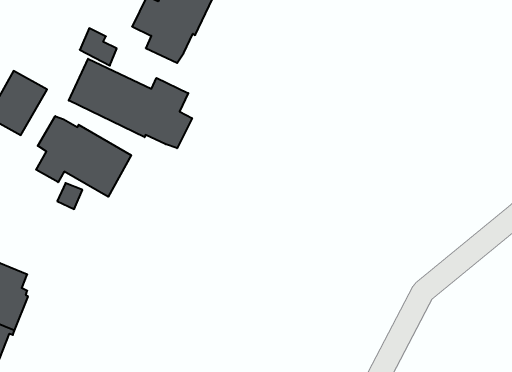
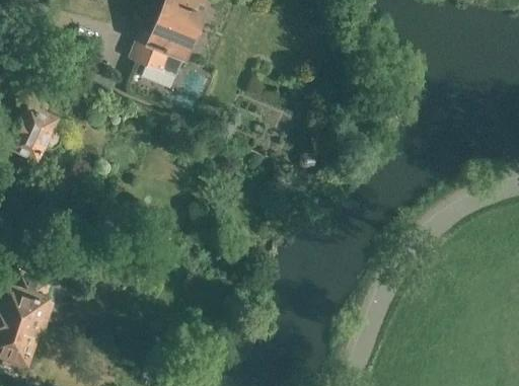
building: [69,59,192,148] -> none
building: [36,116,131,197] -> none

